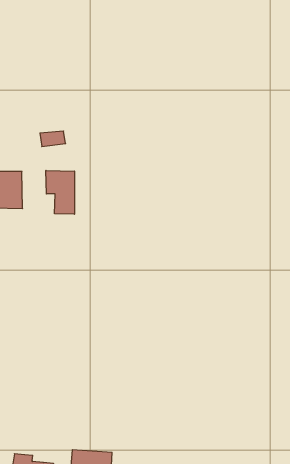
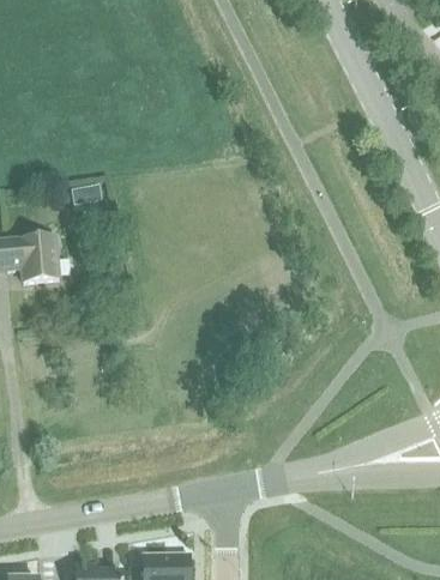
building: [46,170,74,214] -> none

